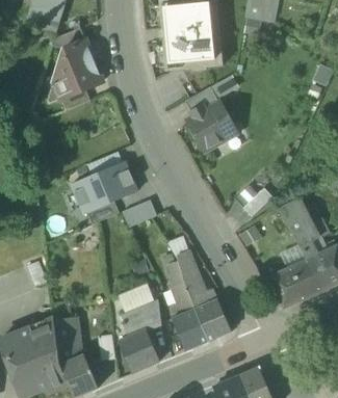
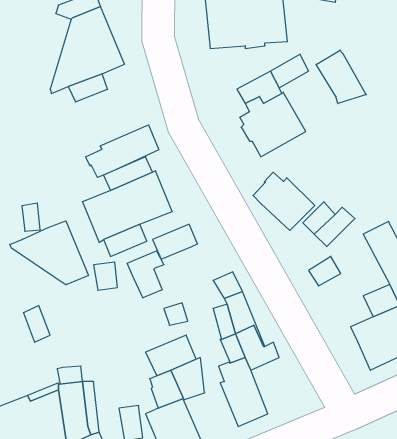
building: none -> [316,50,366,104]
building: none -> [86,125,159,177]
building: none -> [253,172,315,230]
building: none -> [10,221,88,285]
building: none -> [127,251,164,298]
building: [196,298,230,340] -> none

